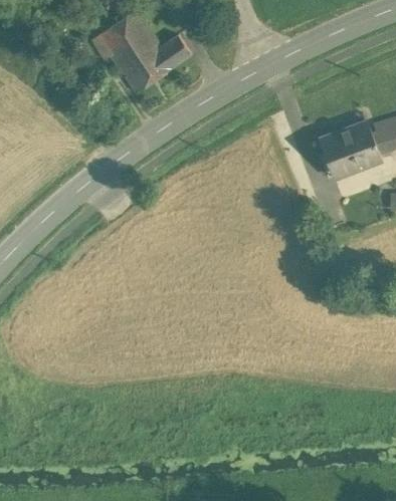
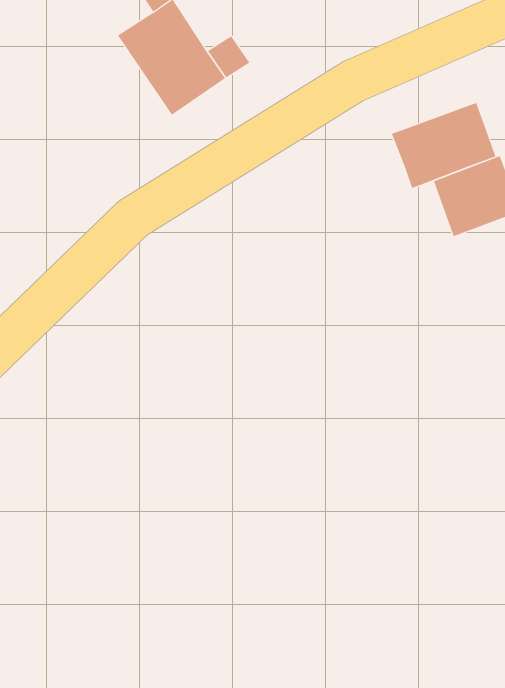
building: none -> [391,102,496,189]

